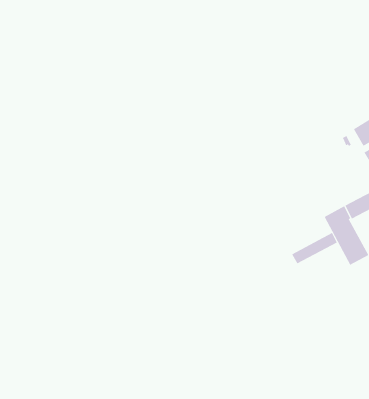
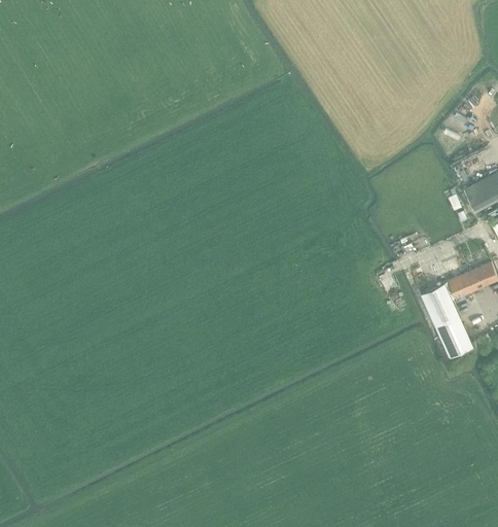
building: [292,232,337,264] -> none

